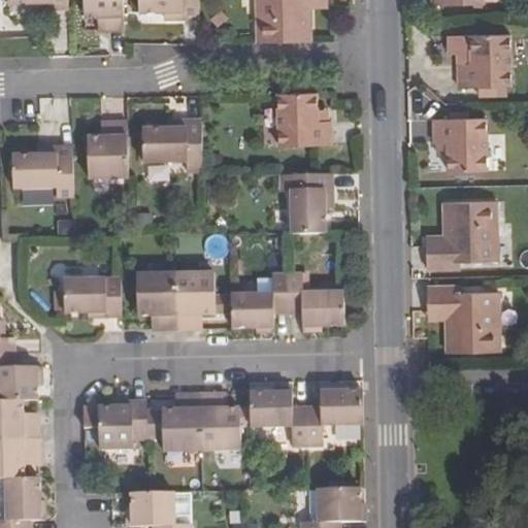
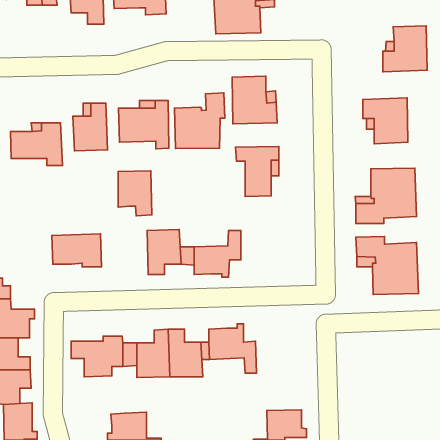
building: none -> [175,93,225,148]
building: [136,274,176,328] -> [118,171,152,216]
building: [287,274,344,329] -> none
building: [304,385,364,444] -> none

